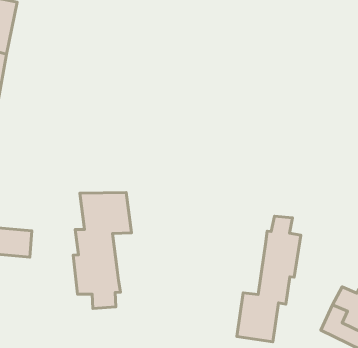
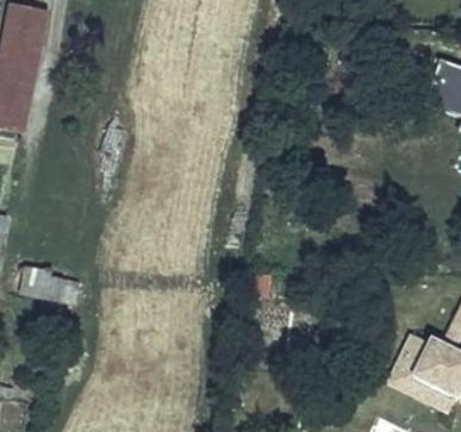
building: [73,192,131,308] -> none
building: [237,216,301,342] -> none

